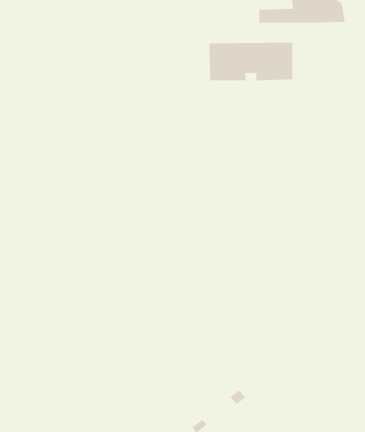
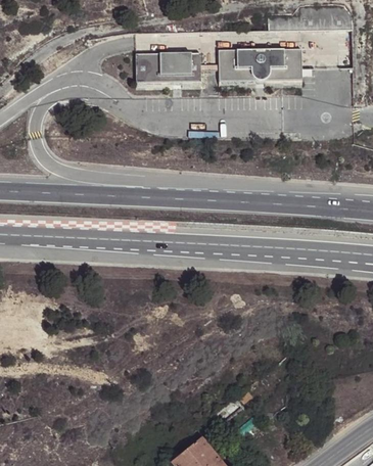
building: none -> [135,51,200,88]

